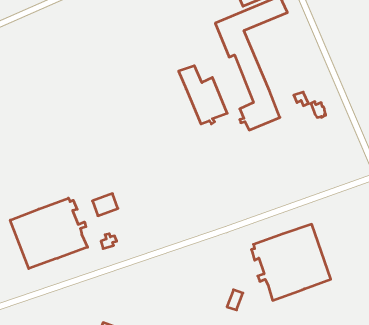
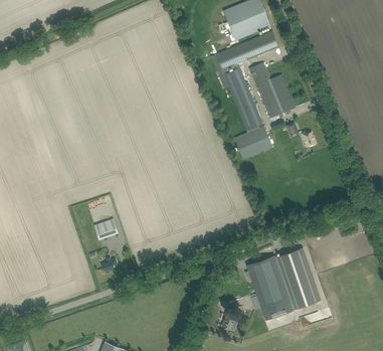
building: [179,66,227,124] -> [249,62,296,118]
building: [10,198,88,269] -> none

